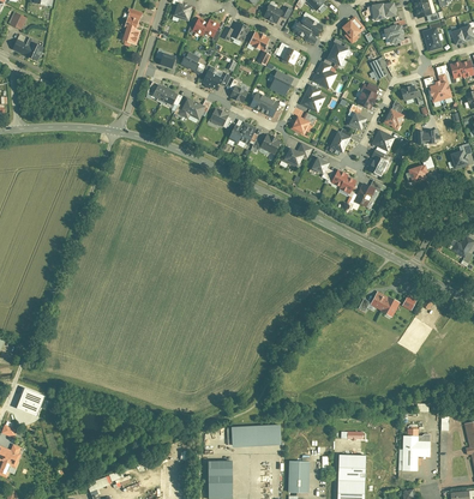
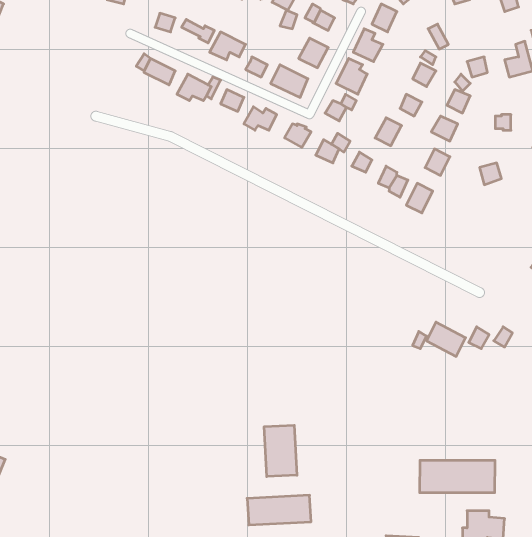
building: none -> [264,425,297,477]
building: none -> [420,460,495,493]

